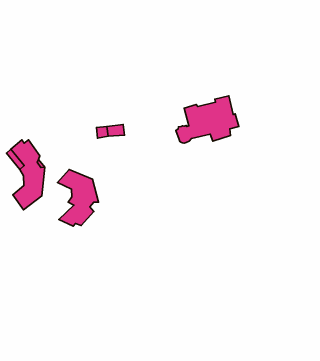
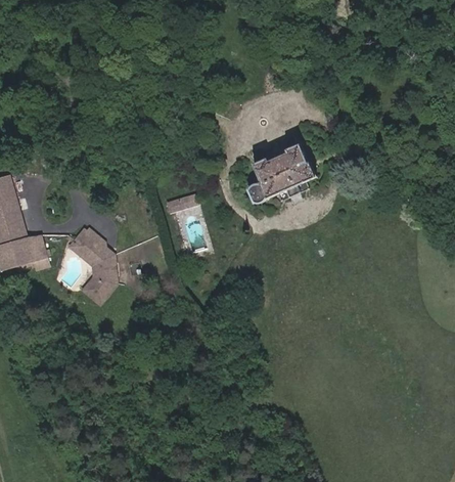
building: [57,169,99,226] -> none

